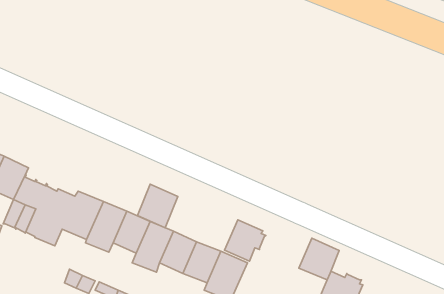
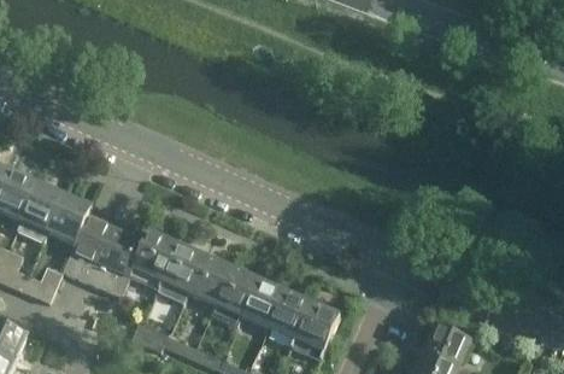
building: [137,184,178,228] -> none
building: [224,220,266,261] -> none
building: [299,238,339,280] -> none

